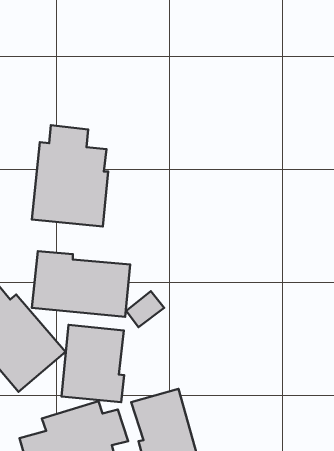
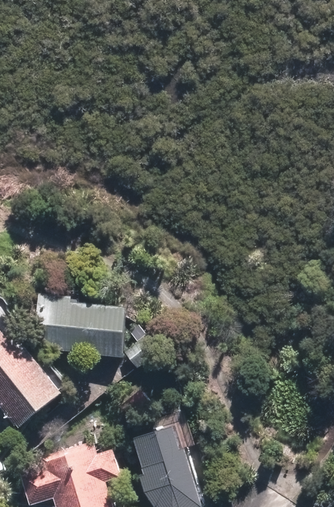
building: [32,125,108,226] -> none
building: [61,325,124,402] -> none

